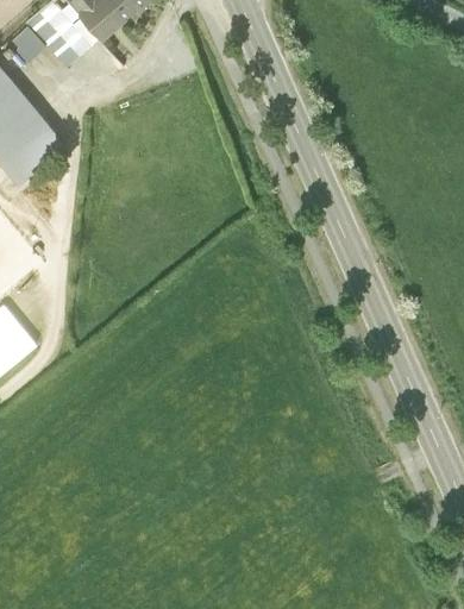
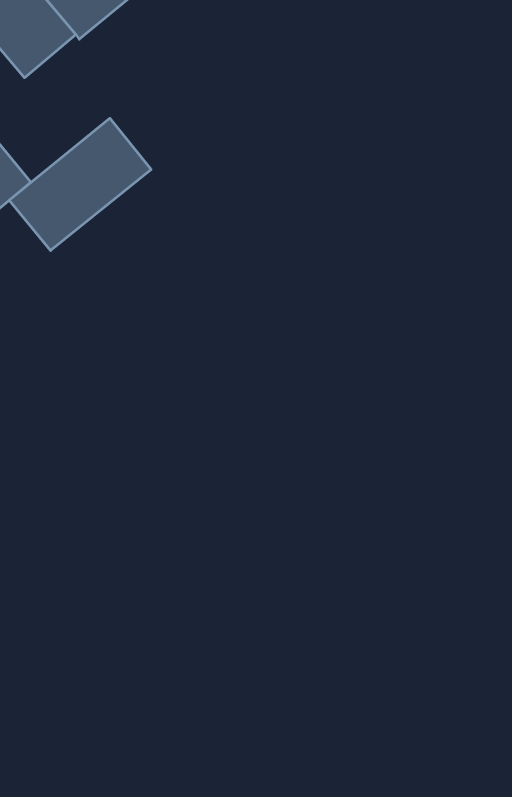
building: none -> [9,118,151,251]

